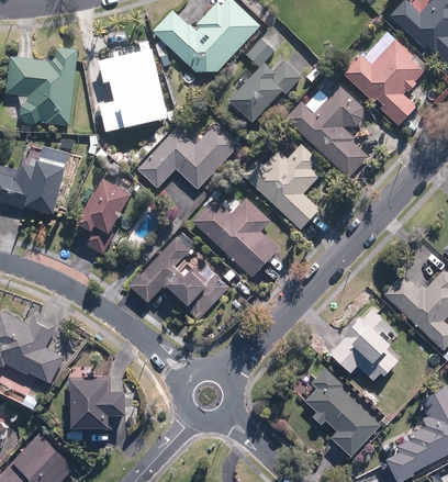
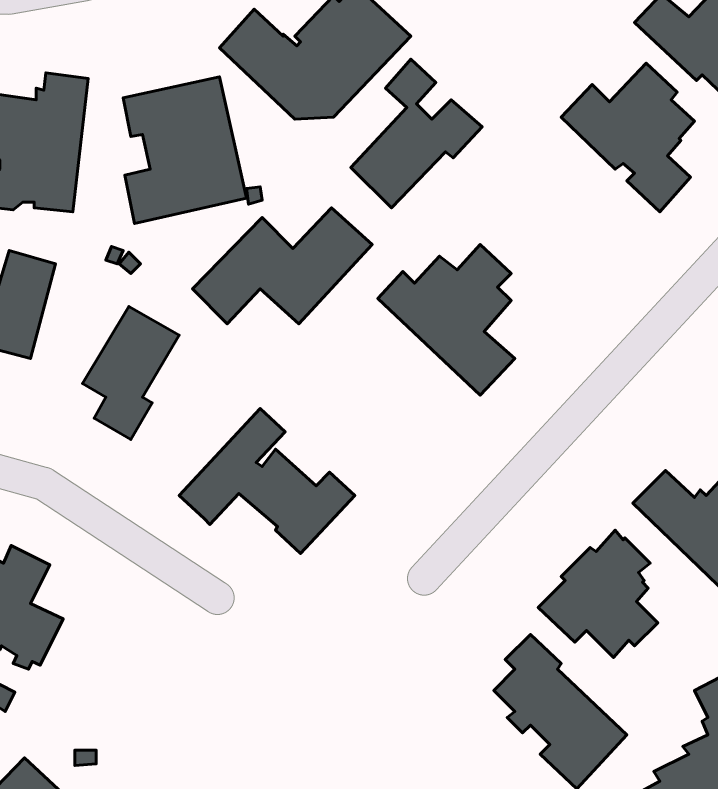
building: [289,85,371,176] -> none
building: [191,198,278,278] -> none
building: [68,377,123,430] -> none

